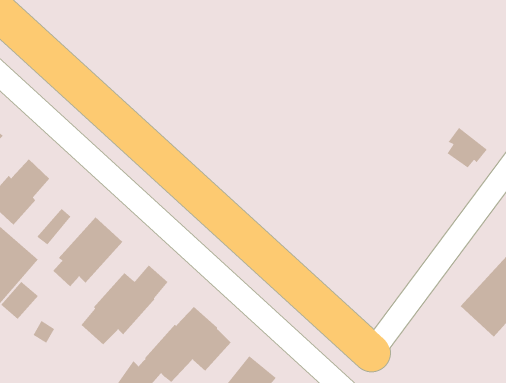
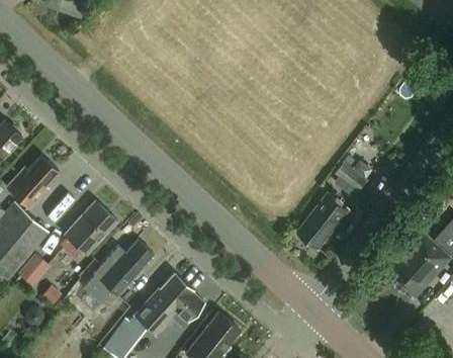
building: [446,127,488,169] -> [335,163,368,196]
building: none -> [299,194,351,249]

